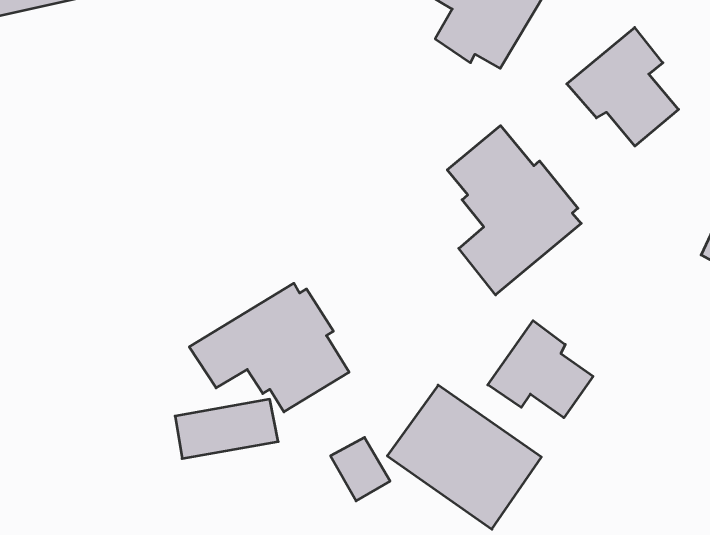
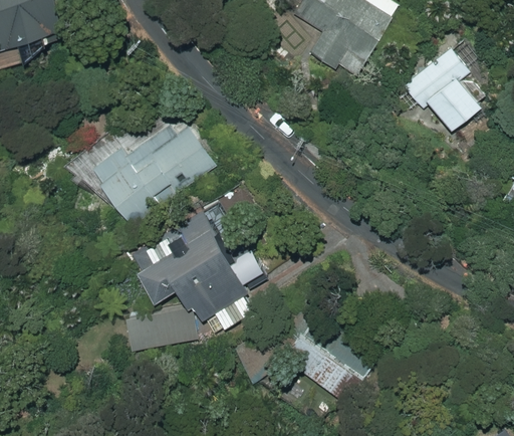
building: [447,126,581,295] -> none
building: none -> [88,125,214,226]
building: [488,321,593,418] -> none

